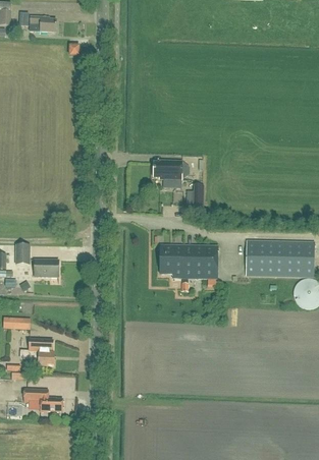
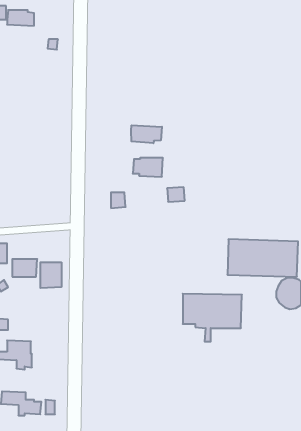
building: none -> [131,125,162,143]
building: [159,244,217,291] -> [183,294,242,342]
building: none -> [40,262,61,288]

